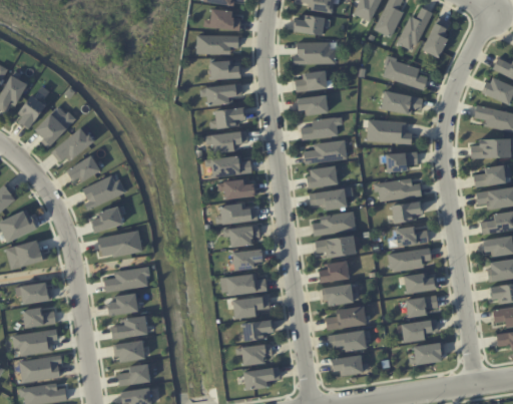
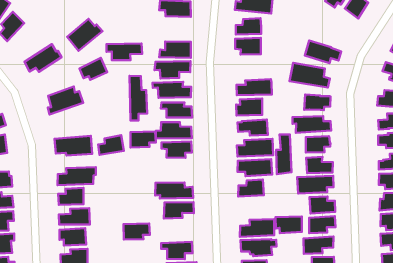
building: [383,58,427,88] -> none
building: [199,82,242,105] -> [107,44,142,60]
building: [34,105,75,144] -> [67,19,103,51]
building: [301,115,343,140] -> none
building: none -> [129,76,147,121]
building: [67,154,100,181] -> [79,58,107,80]
building: none -> [276,134,292,174]
building: [91,206,122,232] -> [98,135,124,155]
building: [232,248,264,270] -> [131,131,156,148]
building: [321,283,354,305] -> [275,217,302,233]
building: [241,319,274,341] -> [124,224,150,240]

